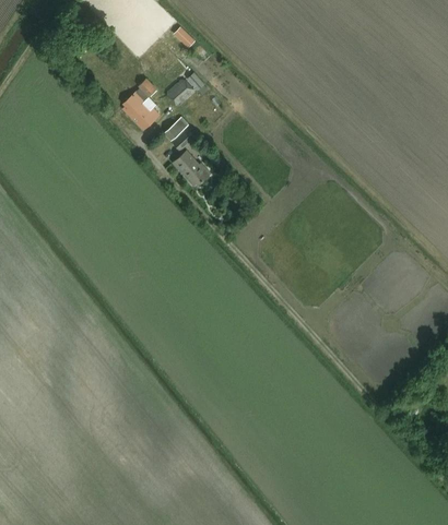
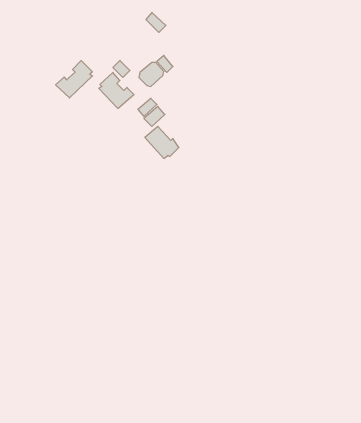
building: none -> [56,61,93,98]

